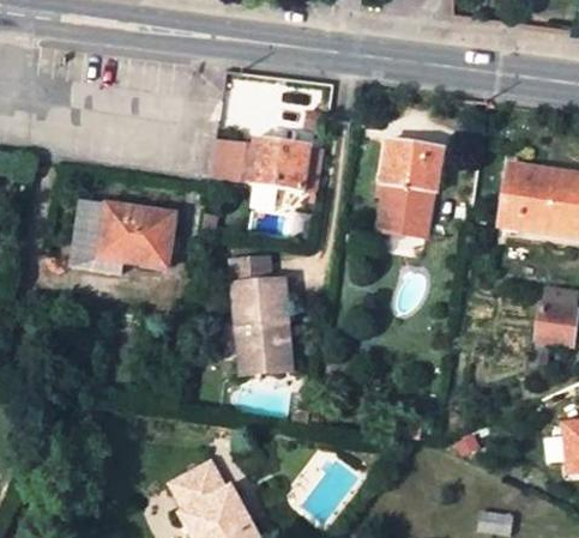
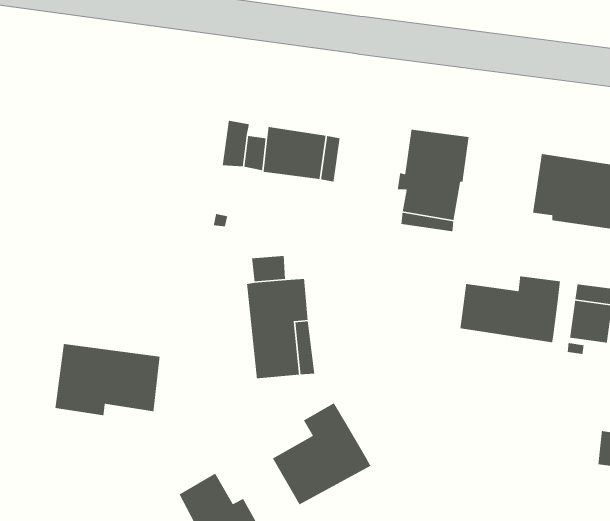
building: [73,201,173,270] -> [54,343,160,416]
building: none -> [459,276,561,343]
building: none -> [272,402,371,505]

